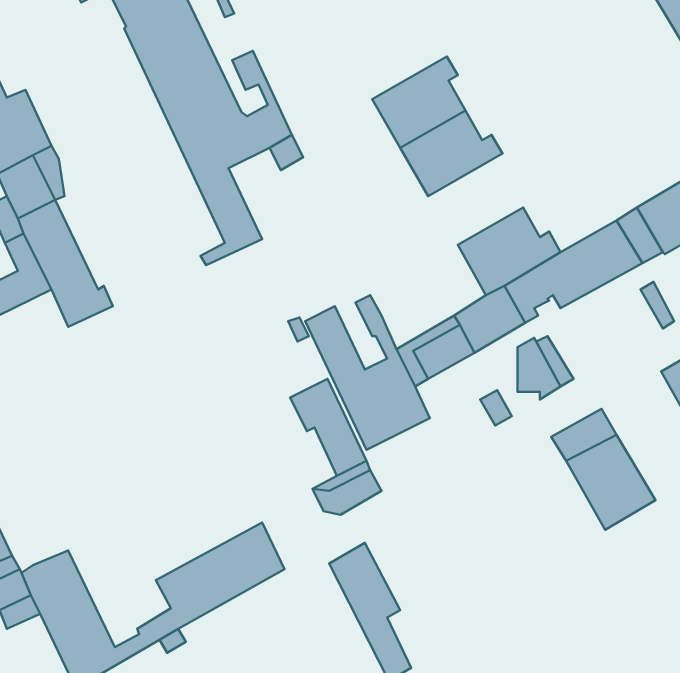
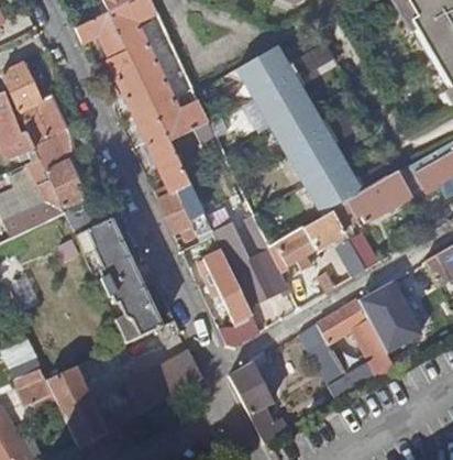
building: none -> [236,48,298,99]
building: none -> [287,131,343,185]
building: none -> [156,182,198,233]
building: none -> [75,218,161,341]
building: none -> [298,298,394,399]

